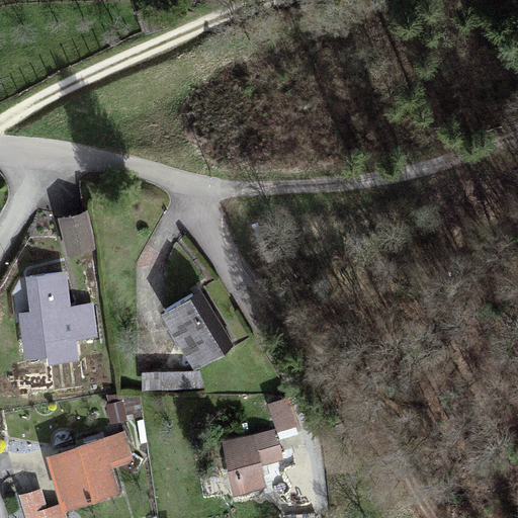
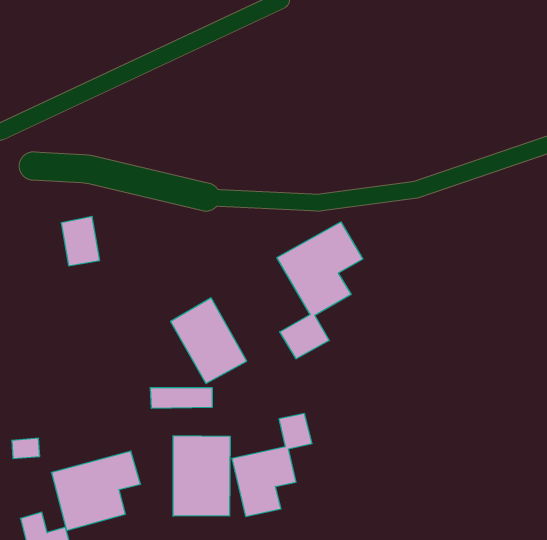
building: none -> [277,222,363,359]
building: [19,274,96,363] -> none
building: none -> [173,436,230,516]

